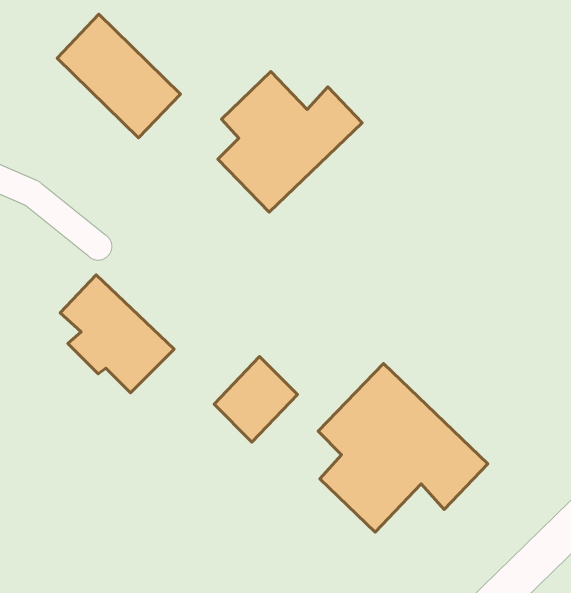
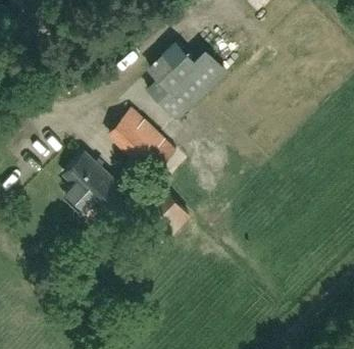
building: [57,14,180,138] -> [108,108,174,174]
building: [318,364,488,532] -> none

